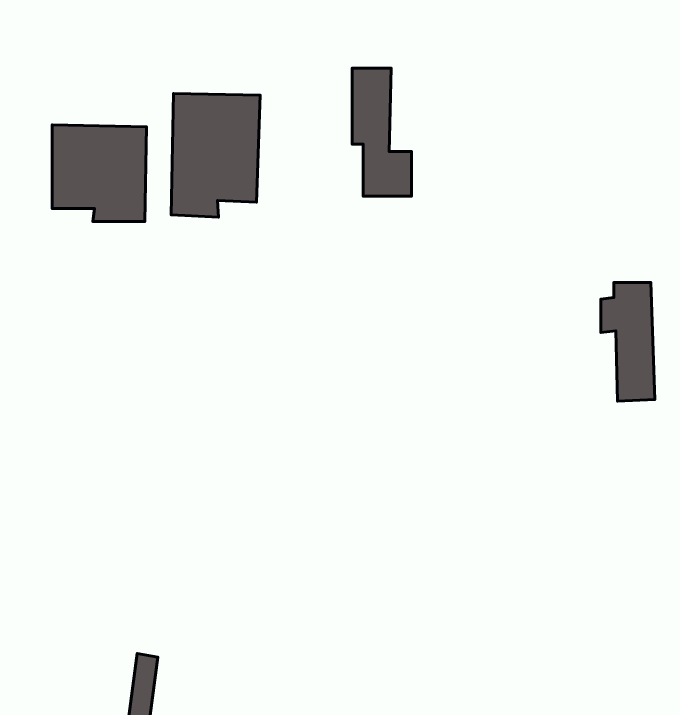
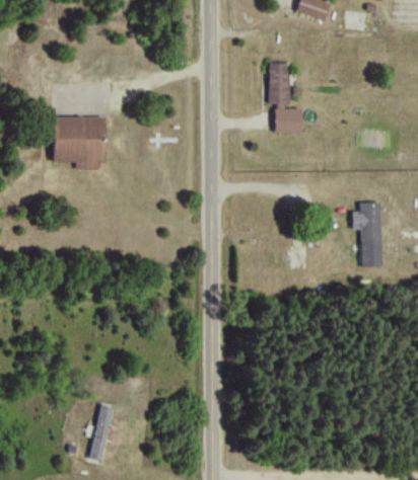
building: [352,68,412,196] -> [269,62,301,132]
building: [171,94,260,217] -> none

